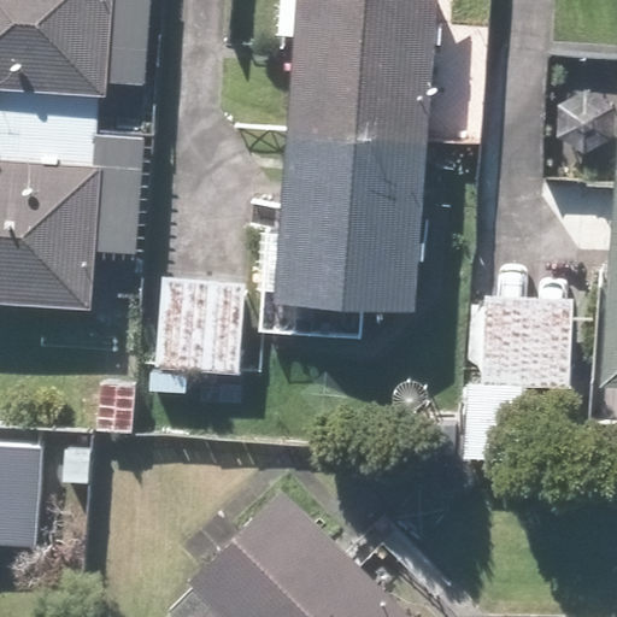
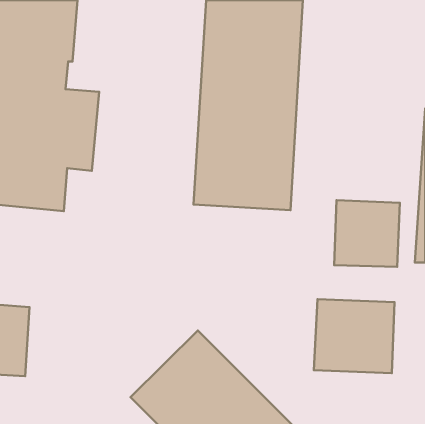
building: [148,276,243,376] -> none
building: none -> [314,299,394,373]

